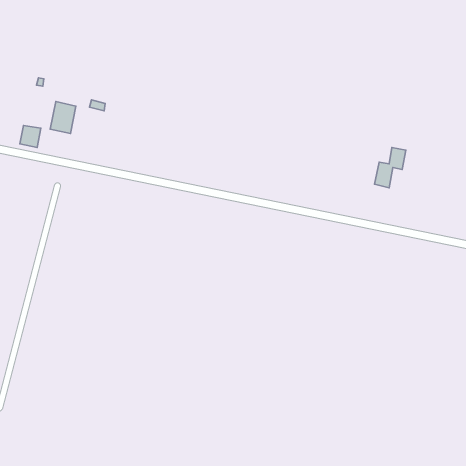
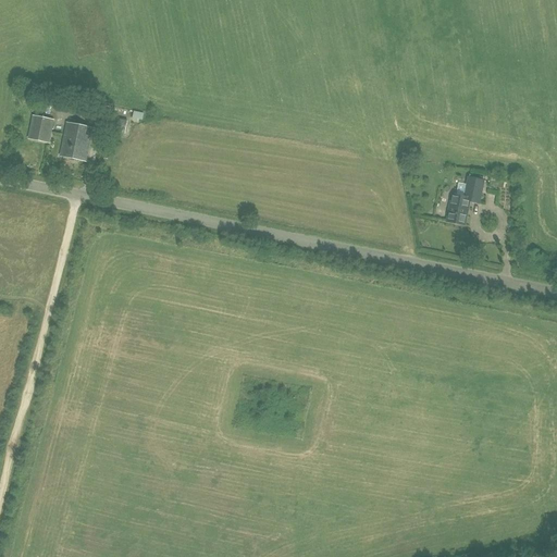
building: [20,125,41,147] -> [27,114,52,140]

